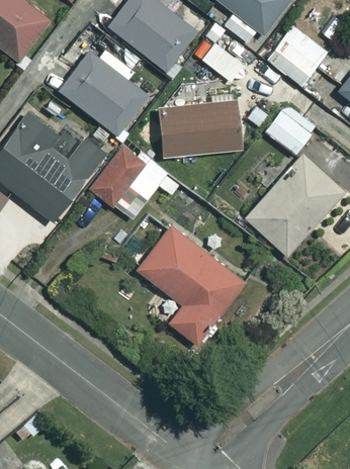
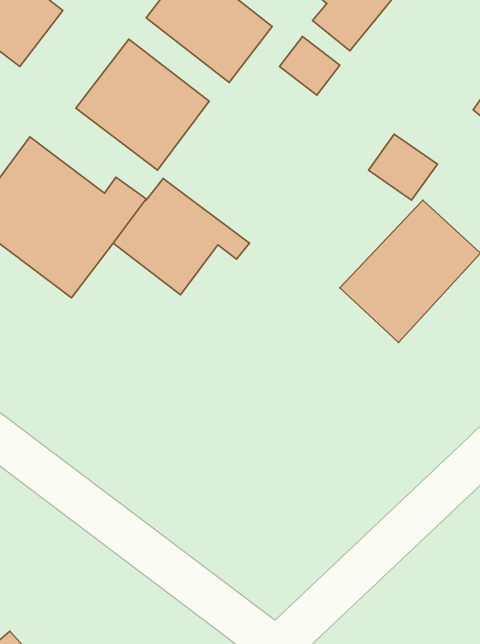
building: [267,25,328,86] -> none
building: [159,104,239,156] -> none
building: [137,224,246,345] -> none

